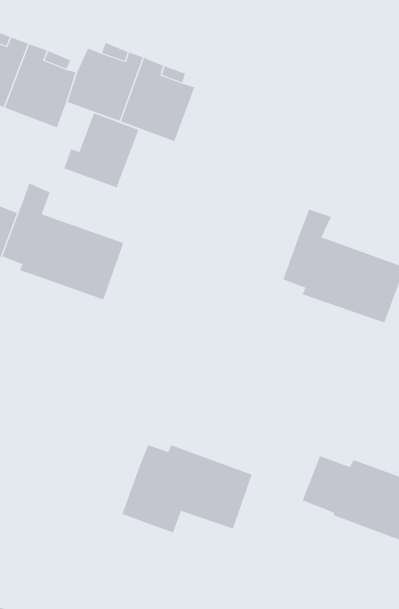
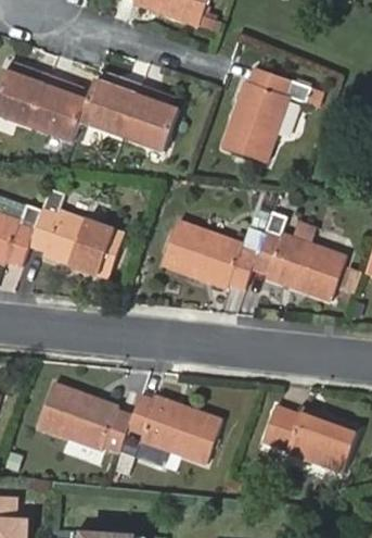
building: none -> [222,76,313,171]
building: [63,113,139,188] -> none
building: none -> [157,217,261,287]
building: none -> [39,383,133,451]

